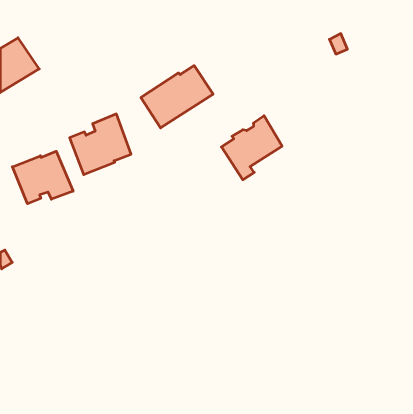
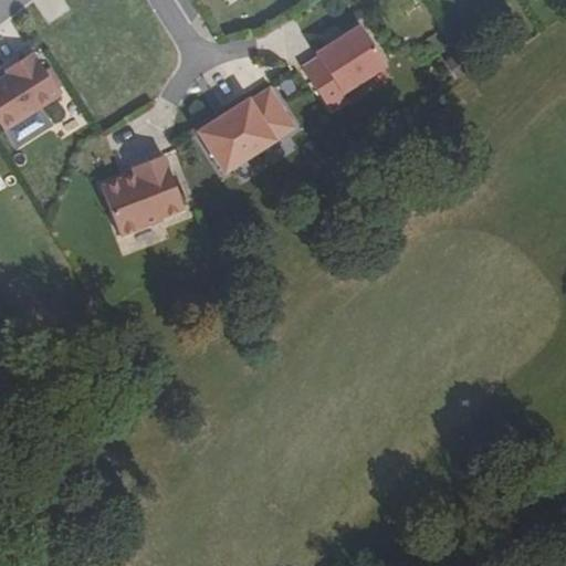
building: [221,116,282,180] -> [303,24,385,111]
building: [12,151,73,204] -> none

